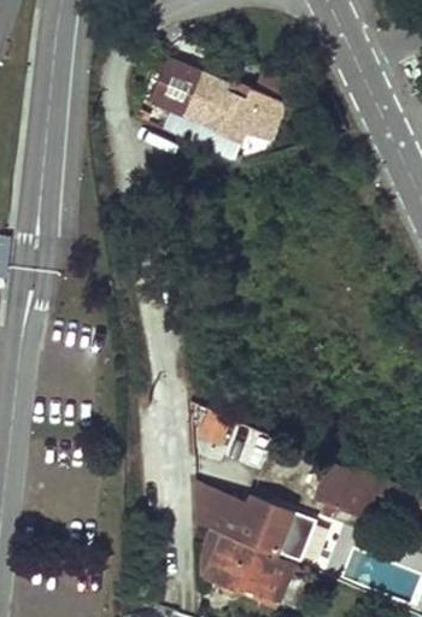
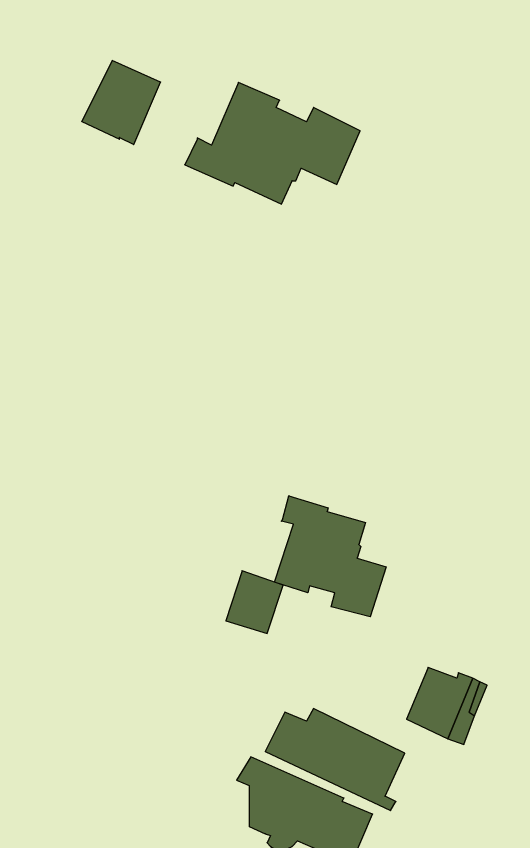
building: [148,58,201,114] -> [82,61,161,145]
building: none -> [275,496,386,617]
building: [192,477,233,523] -> none

